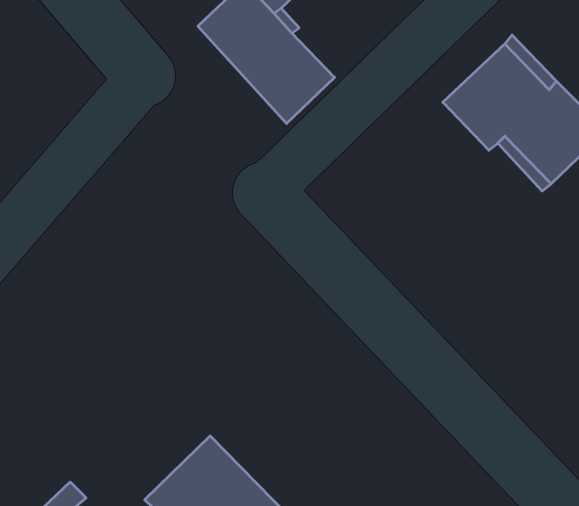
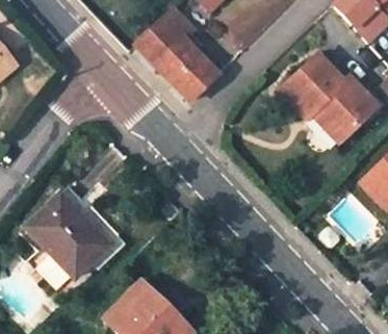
building: none -> [26,186,118,278]

